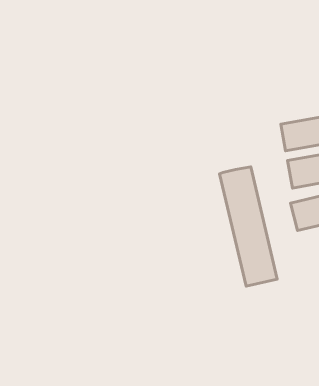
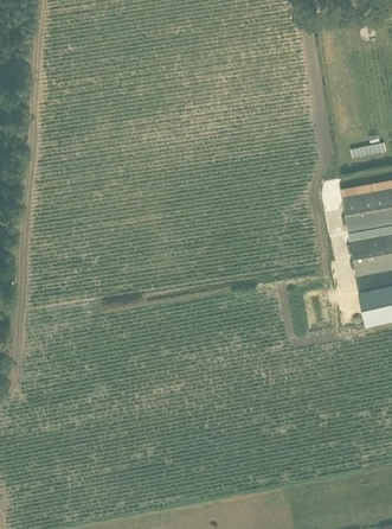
building: [220,167,277,286] -> none

